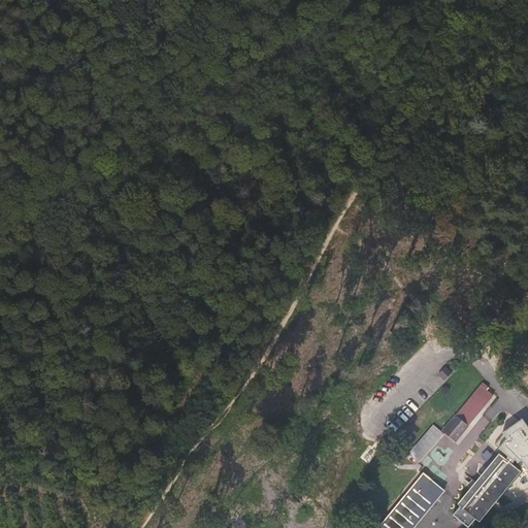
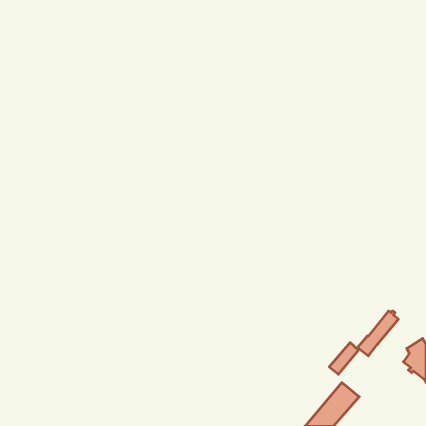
building: [457,453,521,522] -> none

